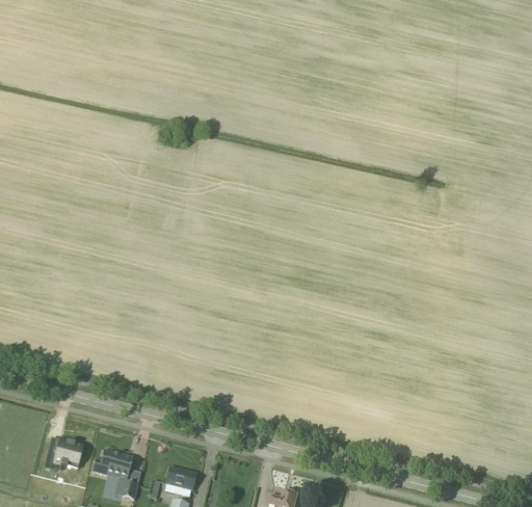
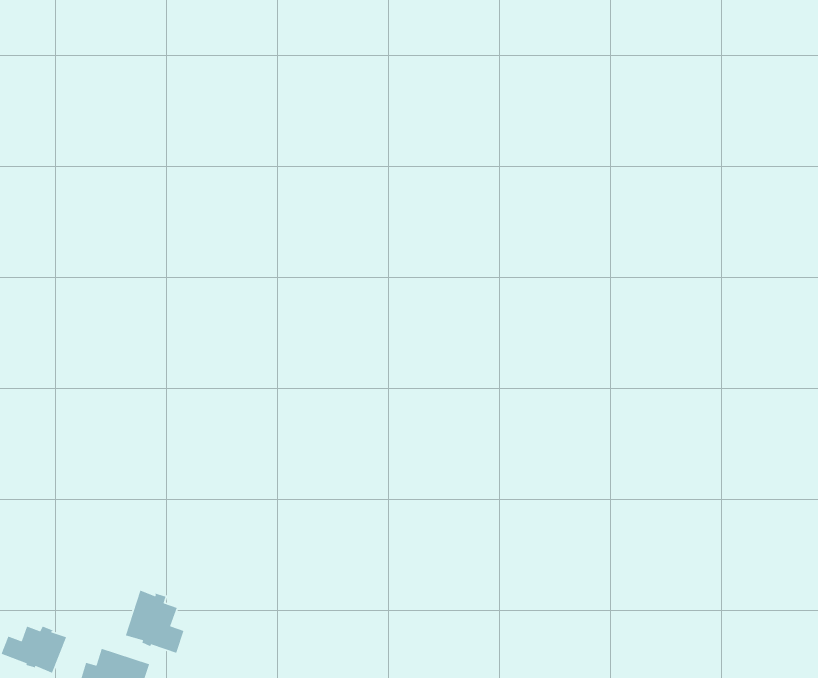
building: none -> [125,590,184,654]

